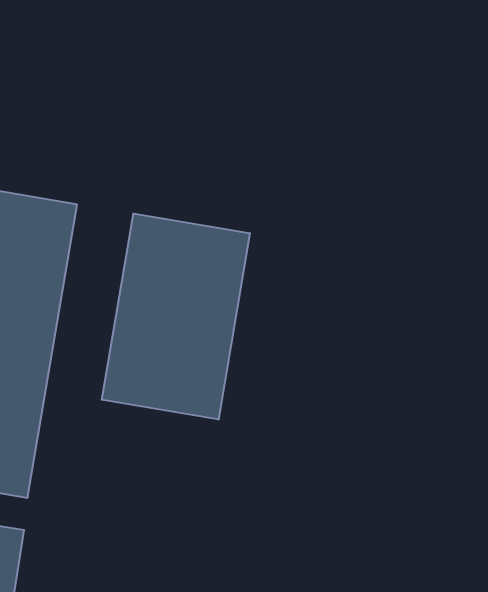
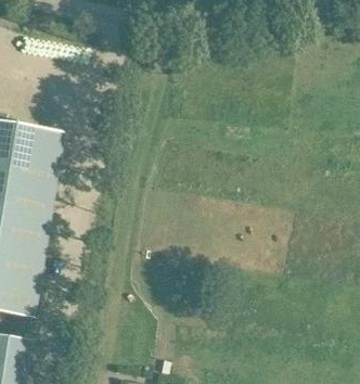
building: [102,213,250,420] -> none

